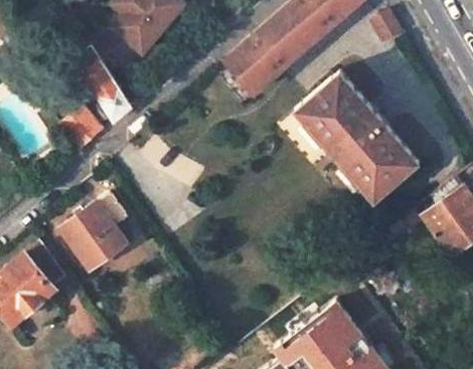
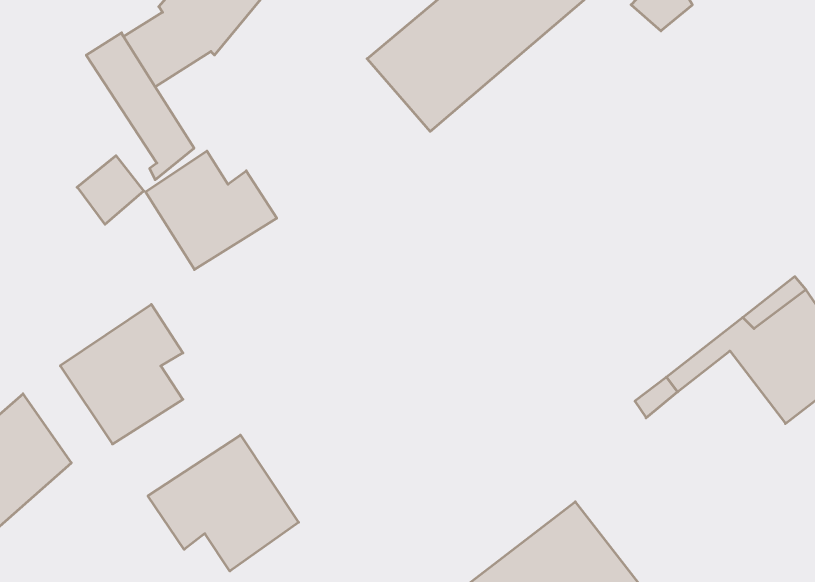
building: [298,78,423,209] -> none
building: none -> [146,151,277,270]
building: none -> [148,435,299,571]

